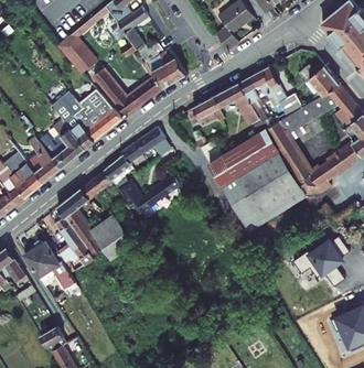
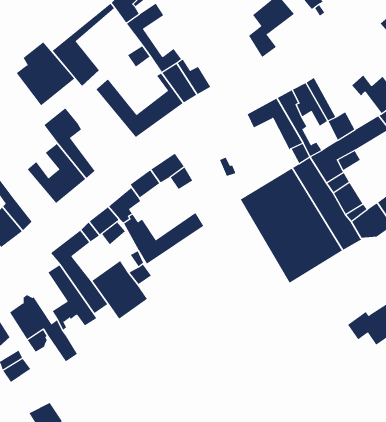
building: [74,89,121,141] -> [16,41,75,106]
building: [188,96,225,126] -> none
building: [28,137,62,182] -> none

